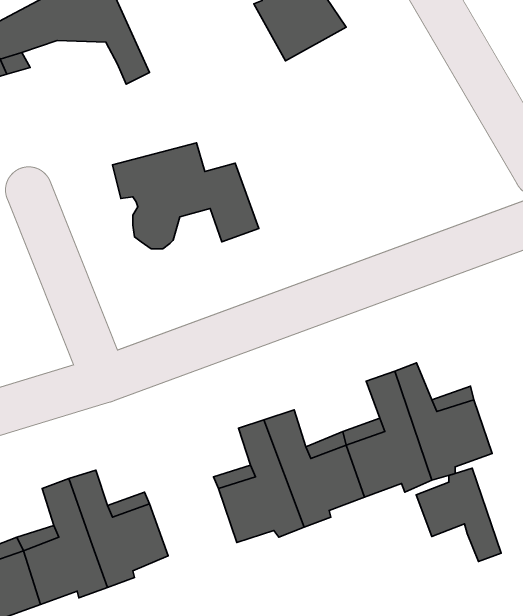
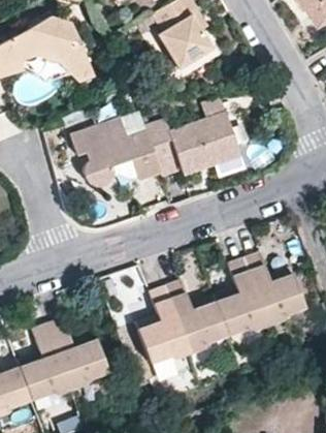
building: none -> [144,111,239,175]
building: [416,468,501,562] -> none

